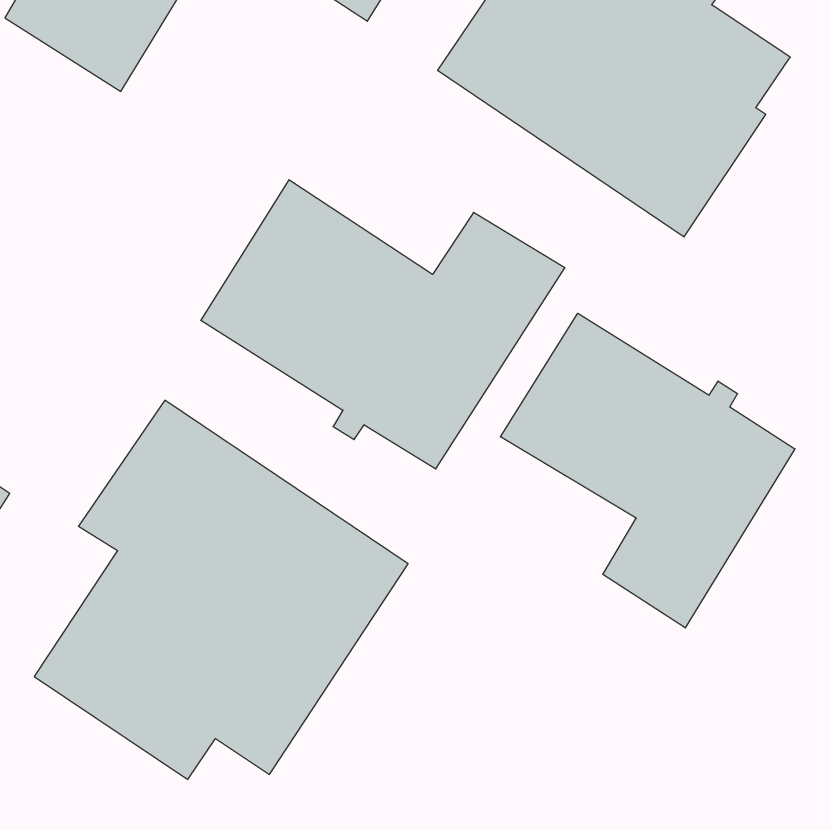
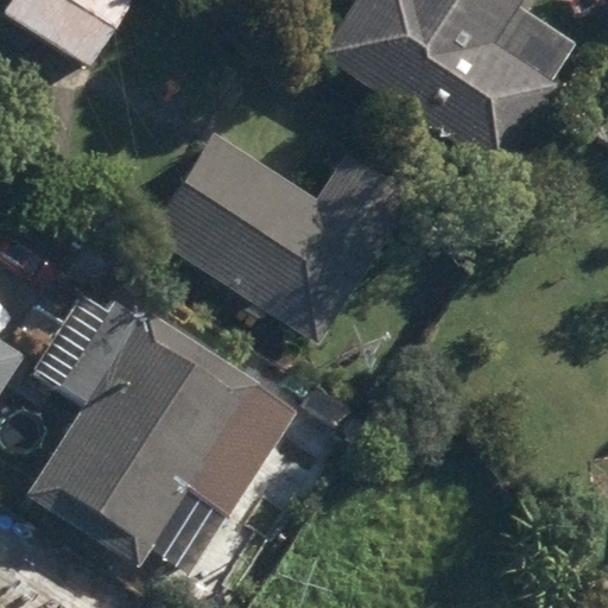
building: [500,313,795,628] -> none

